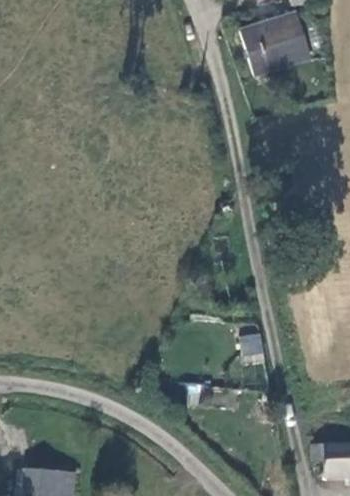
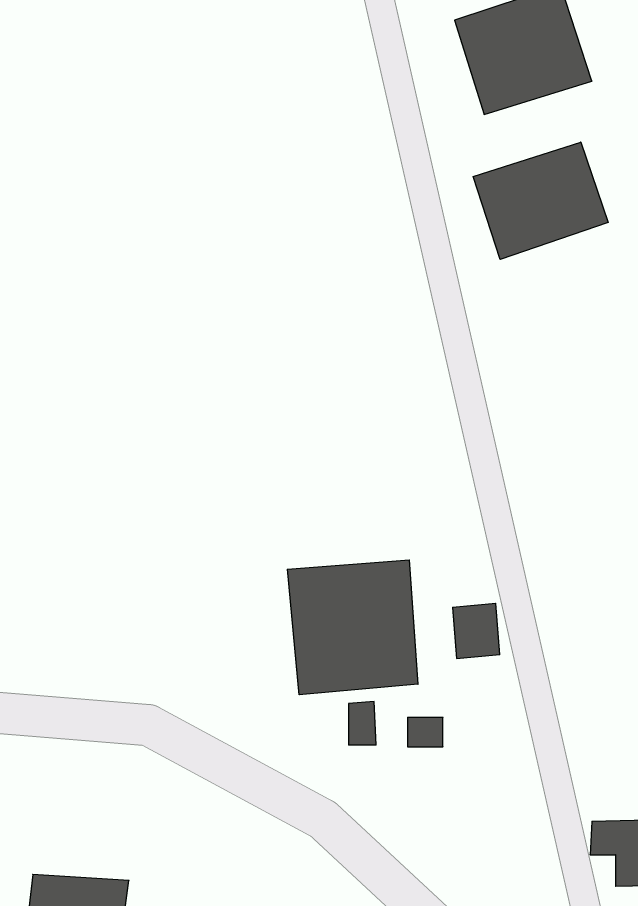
building: none -> [473,142,608,259]
building: none -> [287,560,418,695]

